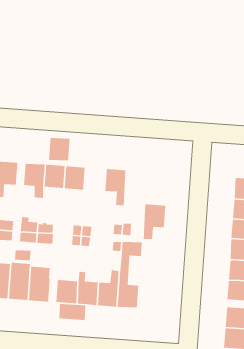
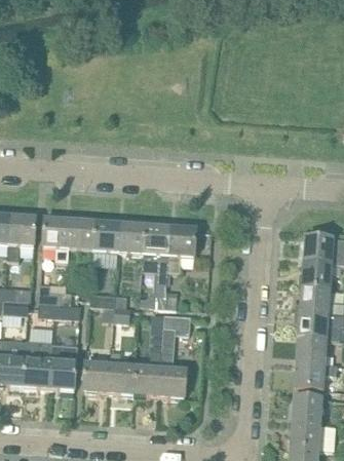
building: [48,137,70,161] -> [117,223,145,253]
building: [143,203,166,240] -> [167,226,196,271]
building: [59,303,86,321] -> none

